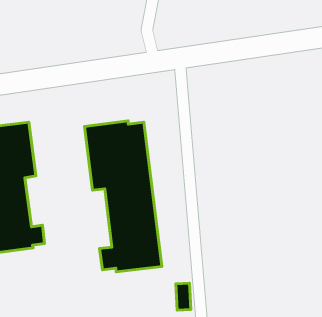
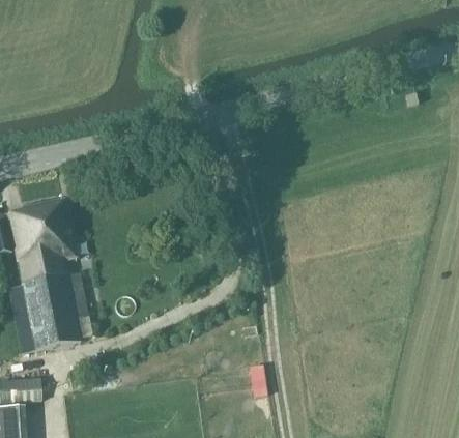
building: [85,121,162,272] -> none

